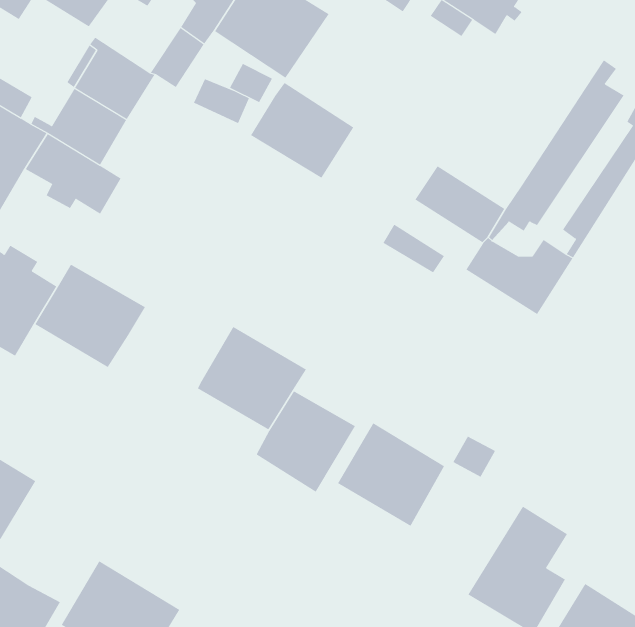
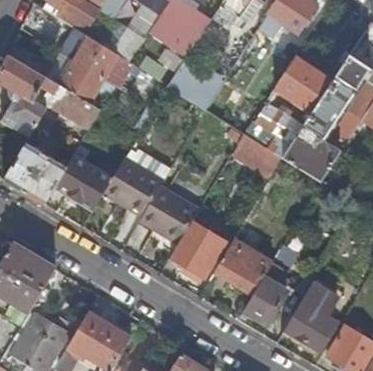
building: none -> [274,57,345,113]
building: none -> [103,159,161,217]
building: none -> [244,262,288,323]

